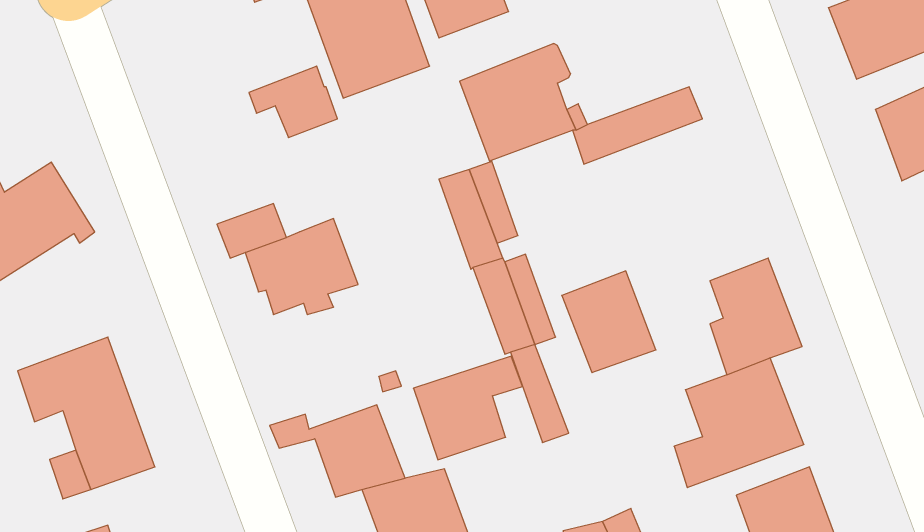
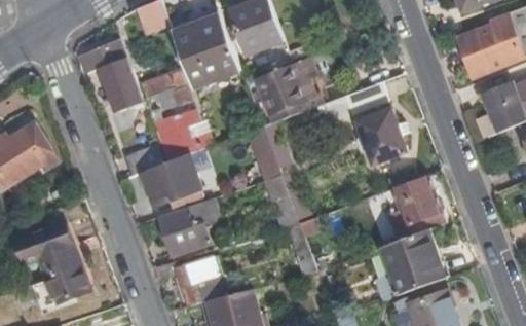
building: none -> [77,39,143,112]
building: none -> [147,108,213,161]
building: [562,271,656,373] -> [355,109,407,165]
building: [413,356,523,460] -> [157,200,217,256]

